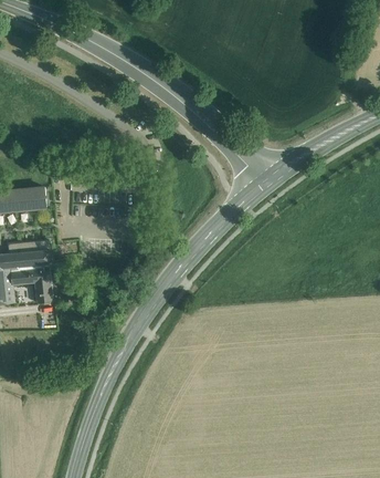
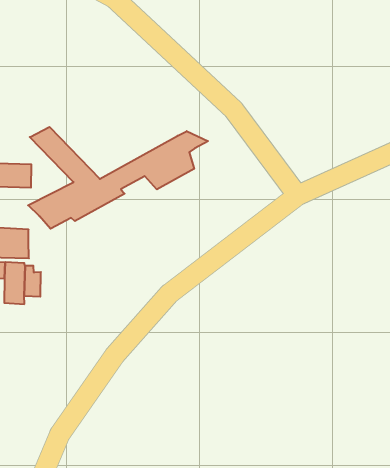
building: none -> [28,127,208,229]

